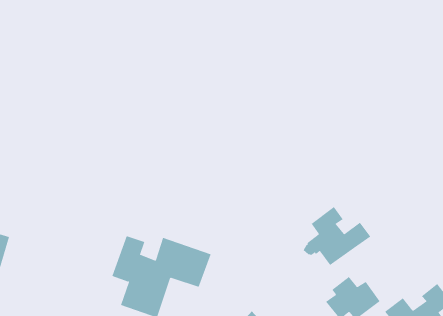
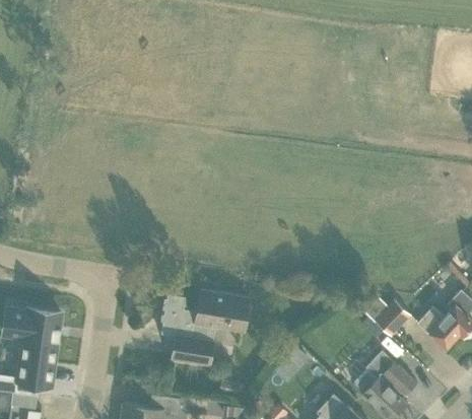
building: [303,206,371,266] -> none

